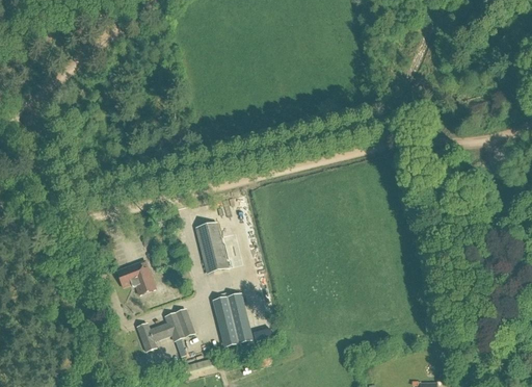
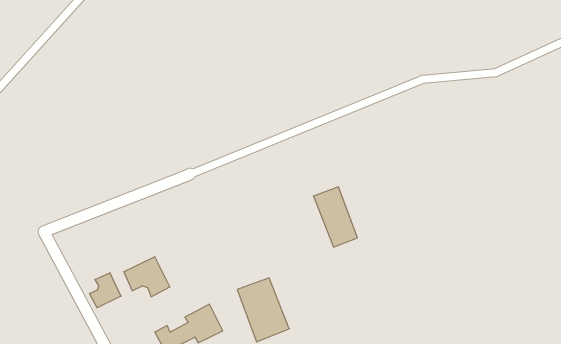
building: [195,221,229,273] -> [313,187,357,247]
building: none -> [90,273,121,308]

